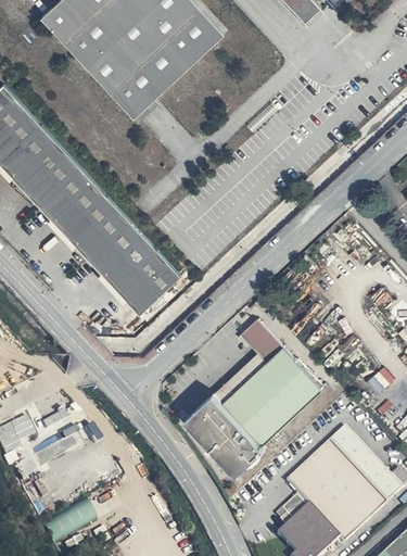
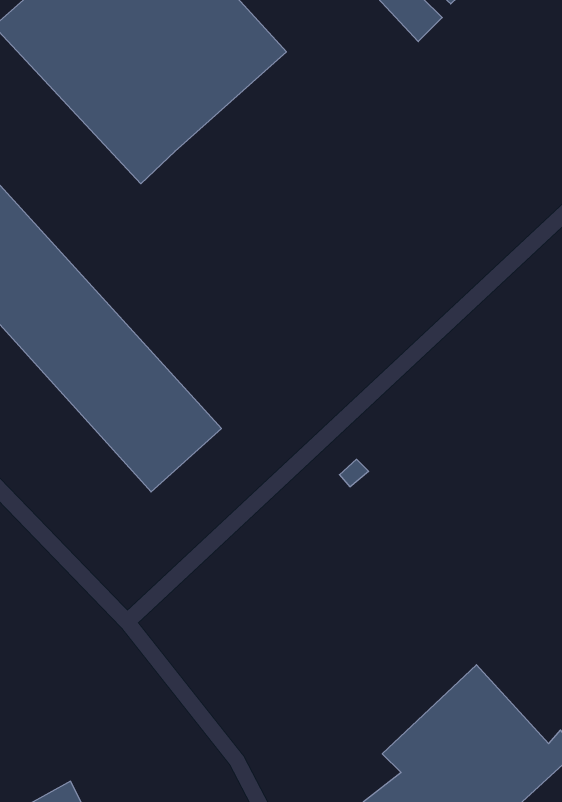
building: [186,316,318,470] -> none

